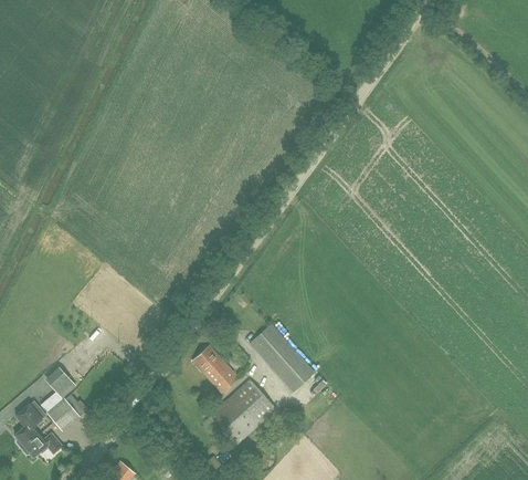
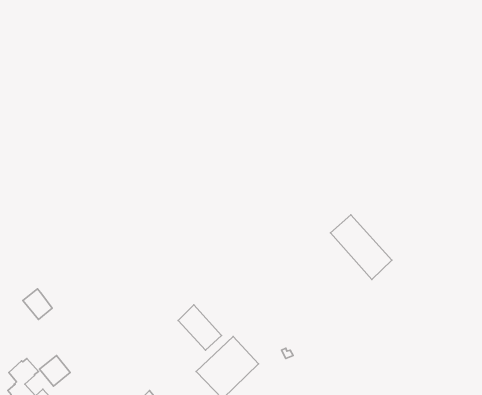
building: [250,323,314,390] -> [331,215,392,279]
building: [45,365,76,397] -> [23,289,52,320]

